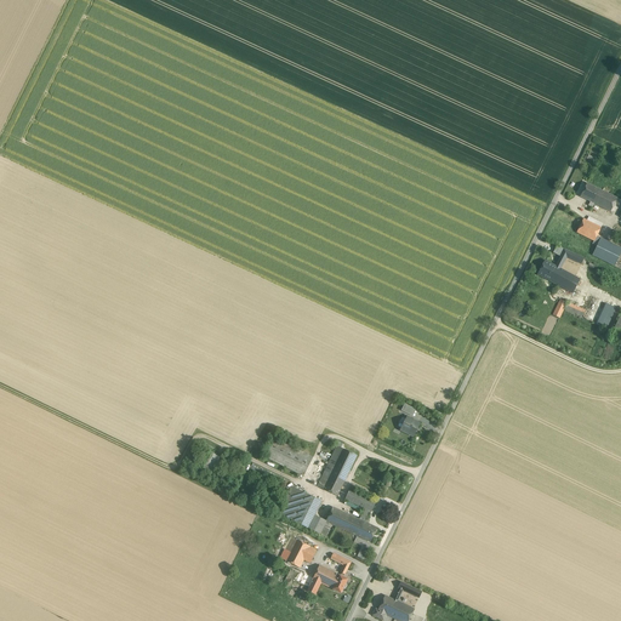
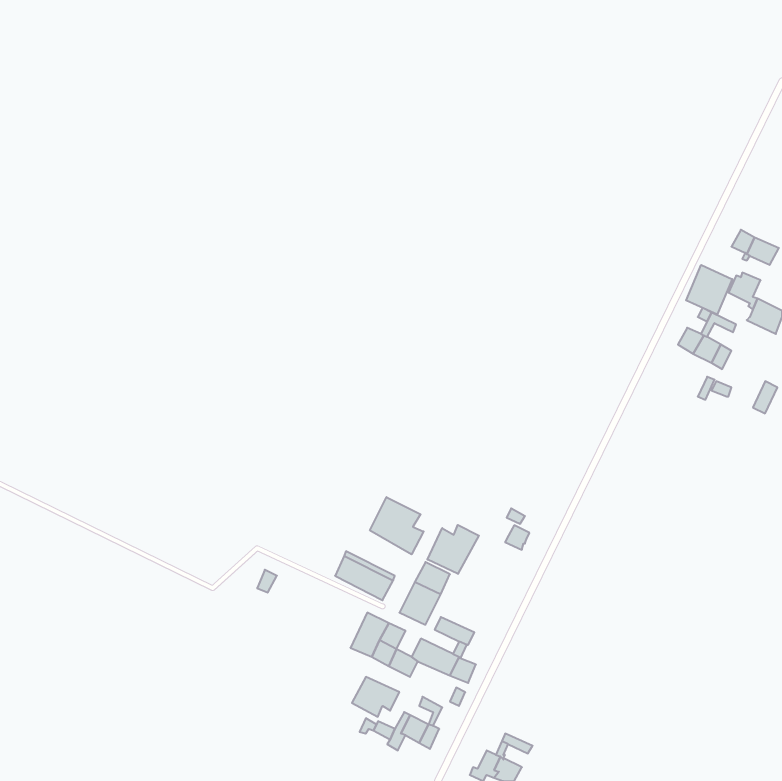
building: none -> [686,265,732,315]
building: none -> [370,497,424,554]
building: none -> [427,525,479,574]

